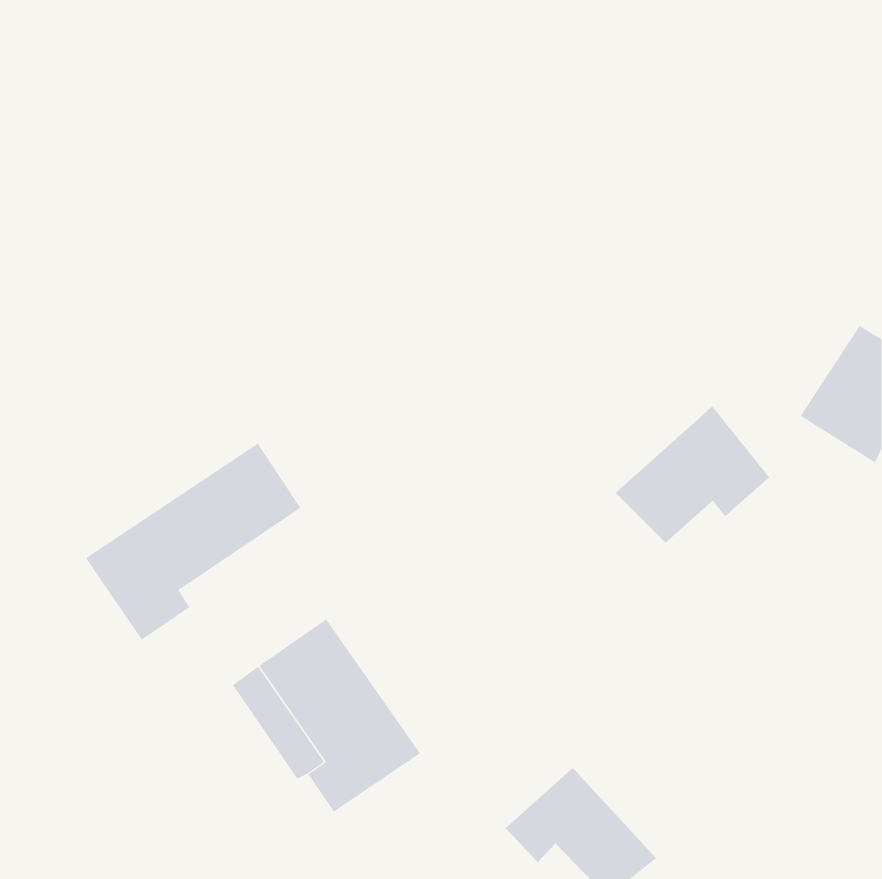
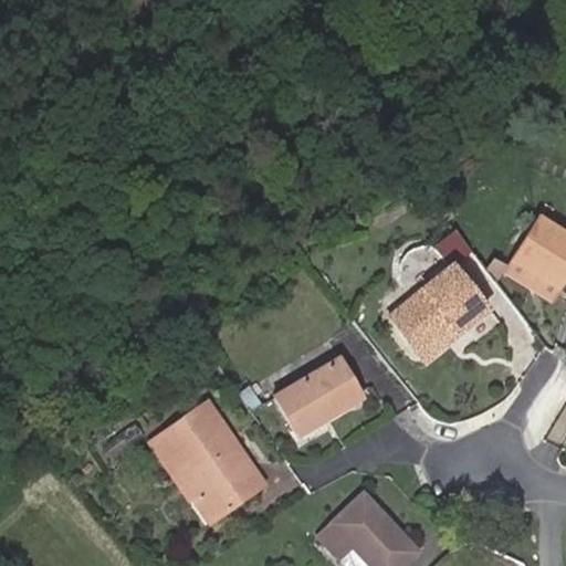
building: [85,443,301,640] -> none
building: none -> [276,357,365,423]

